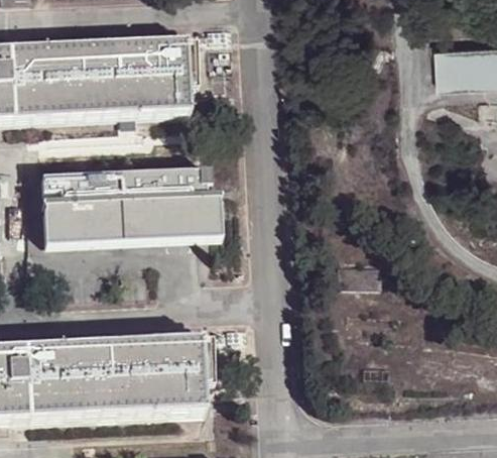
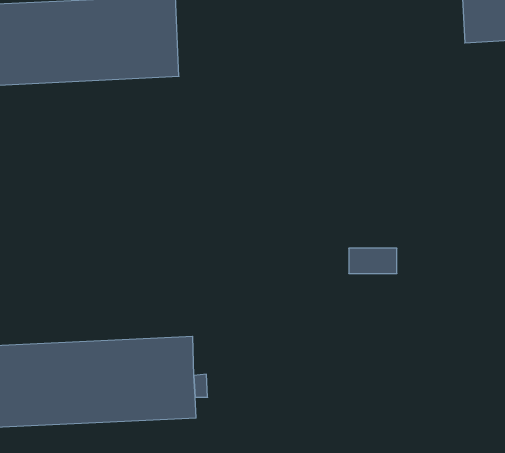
building: [42,164,223,242] -> none

